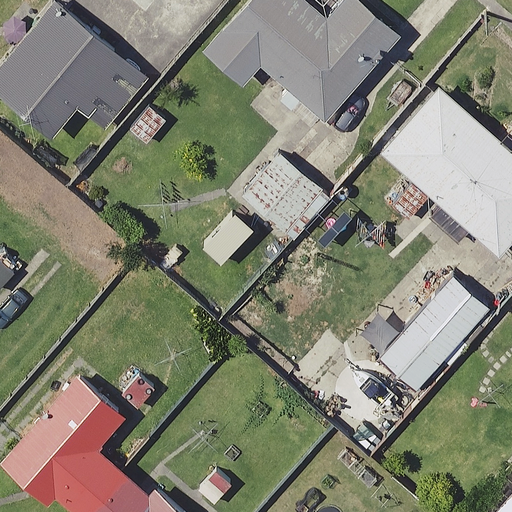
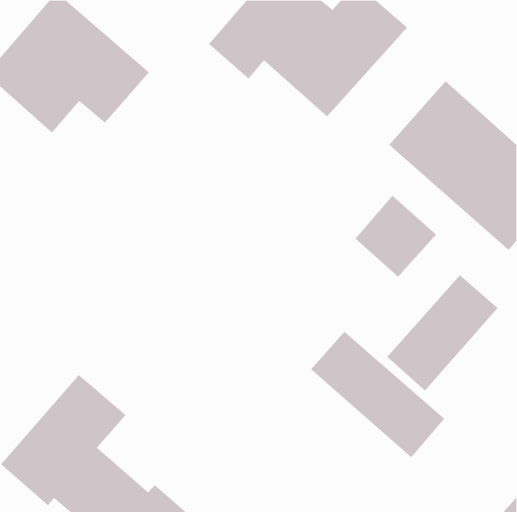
building: [241,154,322,235] -> [354,195,437,277]
building: none -> [310,331,445,458]

